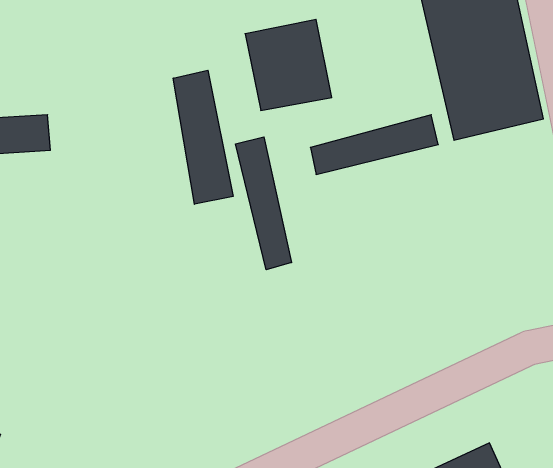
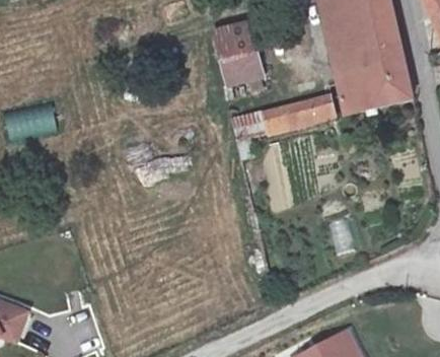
building: [173,70,233,204] -> none
building: [236,137,292,270] -> none

